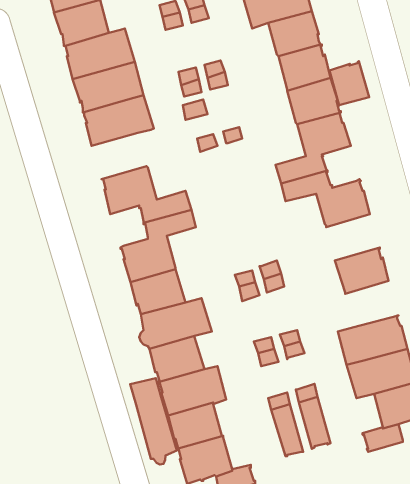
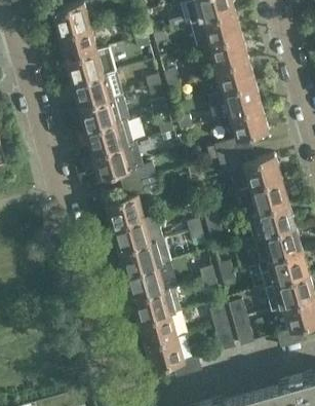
building: [329,61,369,105] -> none
building: none -> [84,119,132,154]
building: none -> [240,179,288,214]
building: none -> [264,226,302,259]
building: [130,378,177,464] -> none

